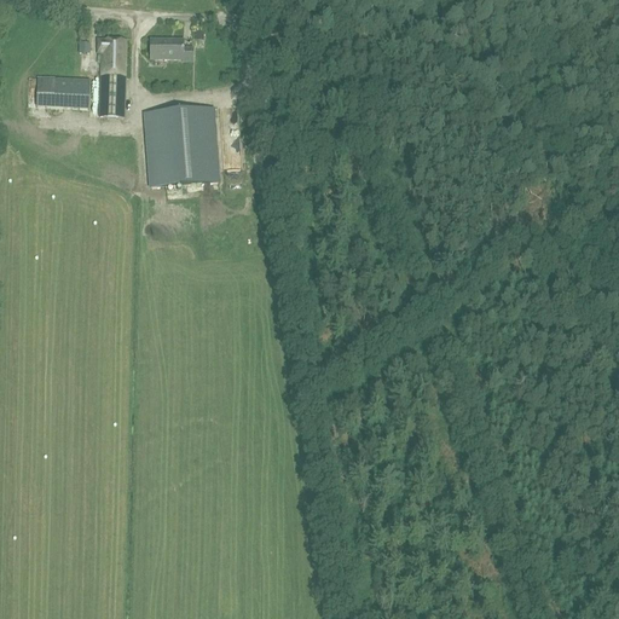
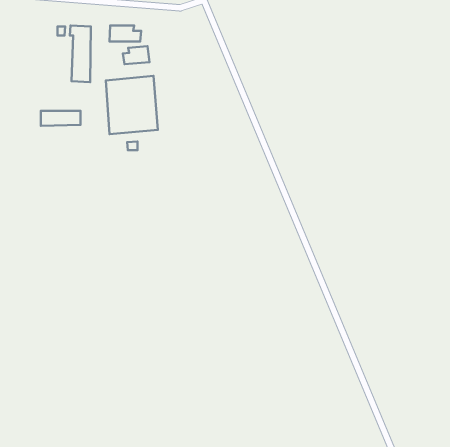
building: none -> [123,46,150,64]
building: [39,89,93,110] -> [41,111,80,126]

